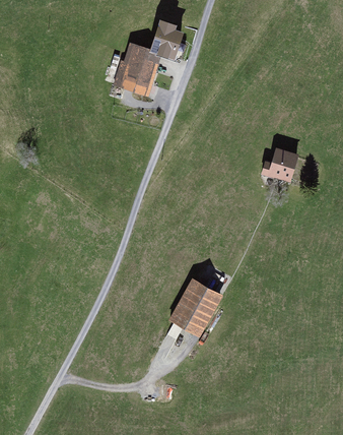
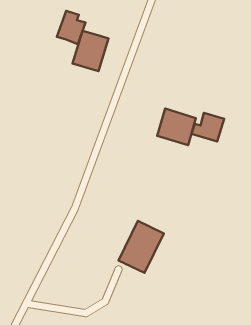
building: [148,20,183,61] -> [57,11,85,44]
building: none -> [157,109,196,145]

